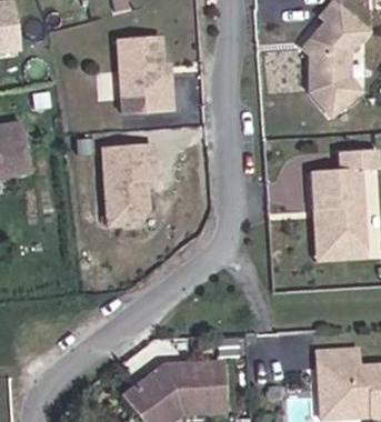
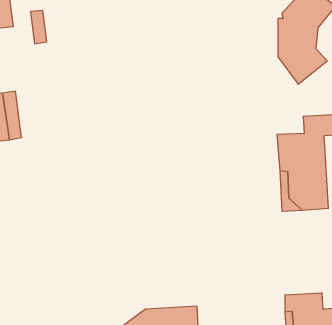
building: [117,38,172,114] -> none
building: [104,147,157,228] -> none

